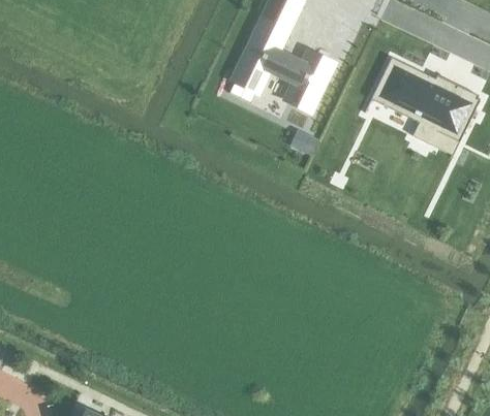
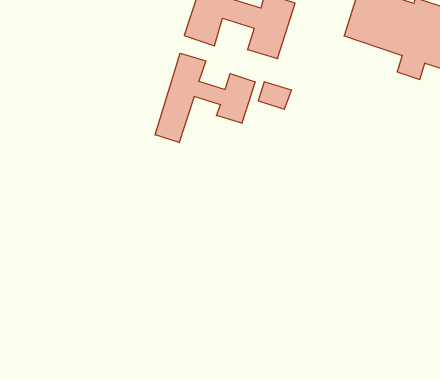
building: none -> [155,53,255,143]

